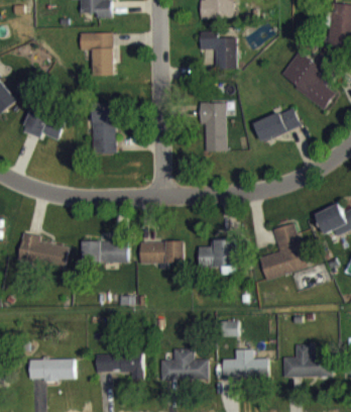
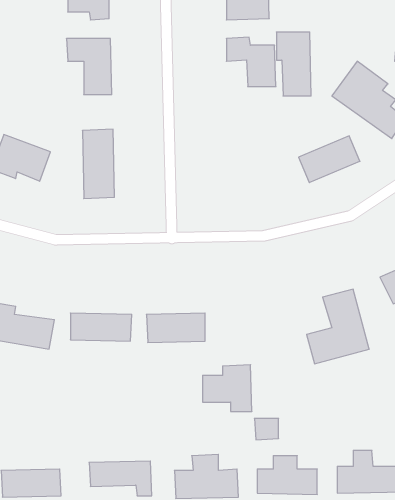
building: [200,103,226,151] -> [276,32,311,96]
building: [200,239,237,275] -> [203,365,252,411]

